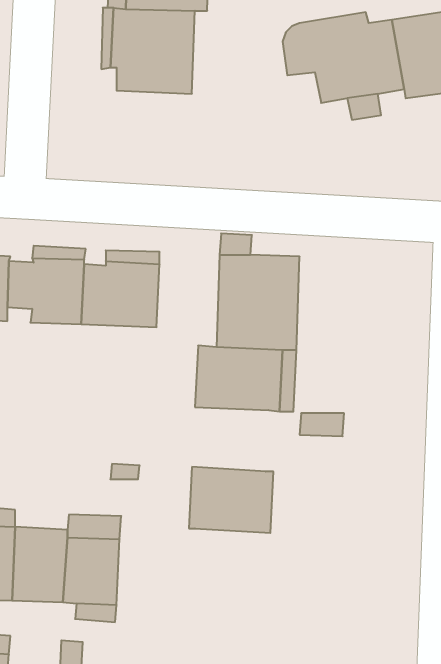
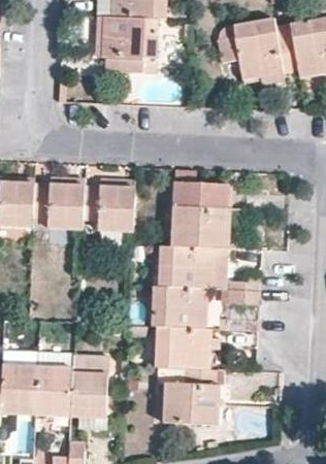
building: none -> [151,284,208,327]
building: none -> [158,365,225,422]

